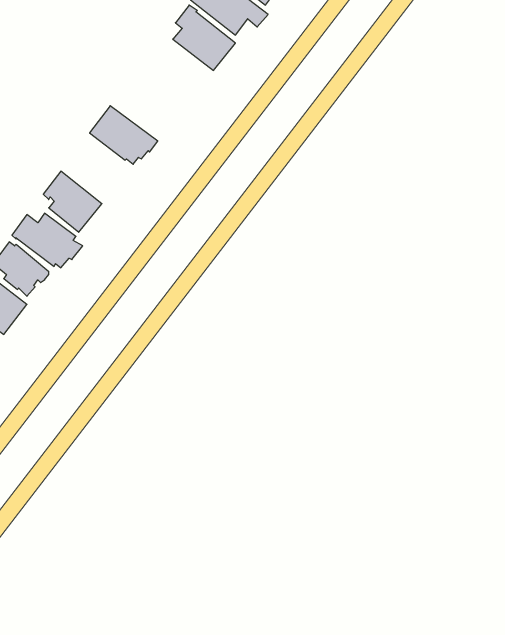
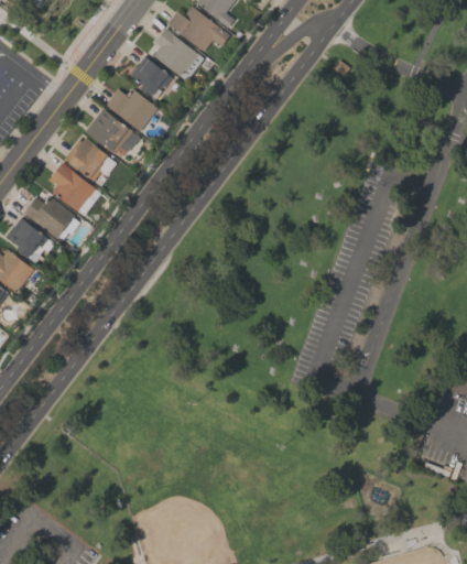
building: none -> [130,56,172,99]
building: none -> [106,87,158,131]
building: none -> [64,138,117,182]

